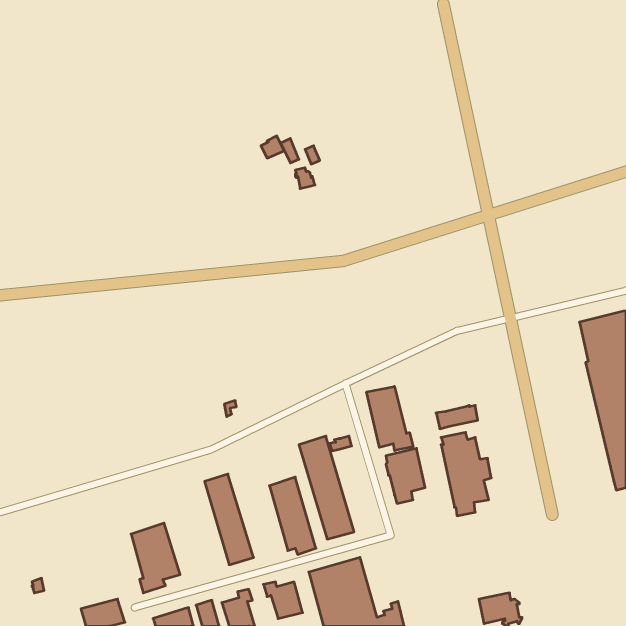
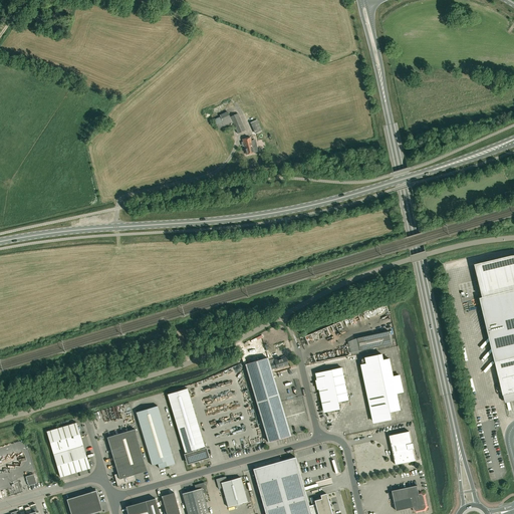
building: [367,386,413,451] -> none
building: [269,477,316,554] -> [137,406,175,469]
building: none -> [46,423,90,477]
building: none -> [390,432,416,465]

